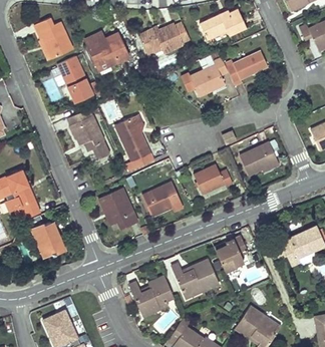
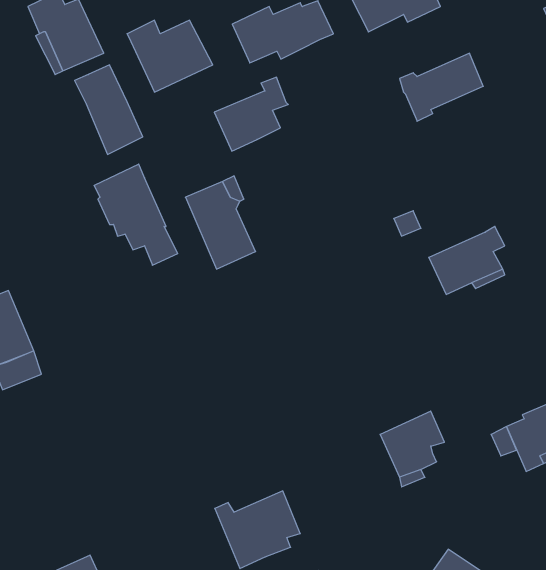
building: [190,57,228,95] -> [214,77,288,151]
building: [194,164,233,193] -> none
building: [142,183,177,216] -> none
building: [99,189,136,228] -> none
building: [31,219,65,256] -> none
building: [172,259,219,297] -> none

